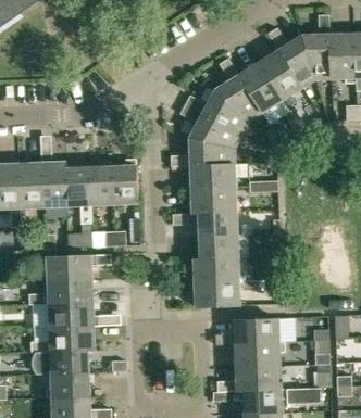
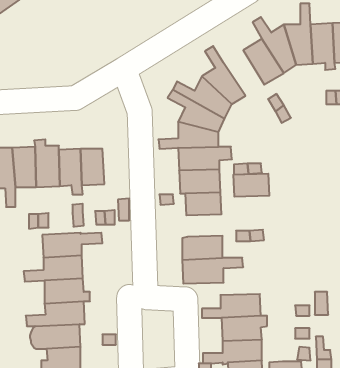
building: [238,62,281,110] -> none
building: [111,157,137,202] -> none
building: [199,233,237,257] -> [233,174,269,197]

